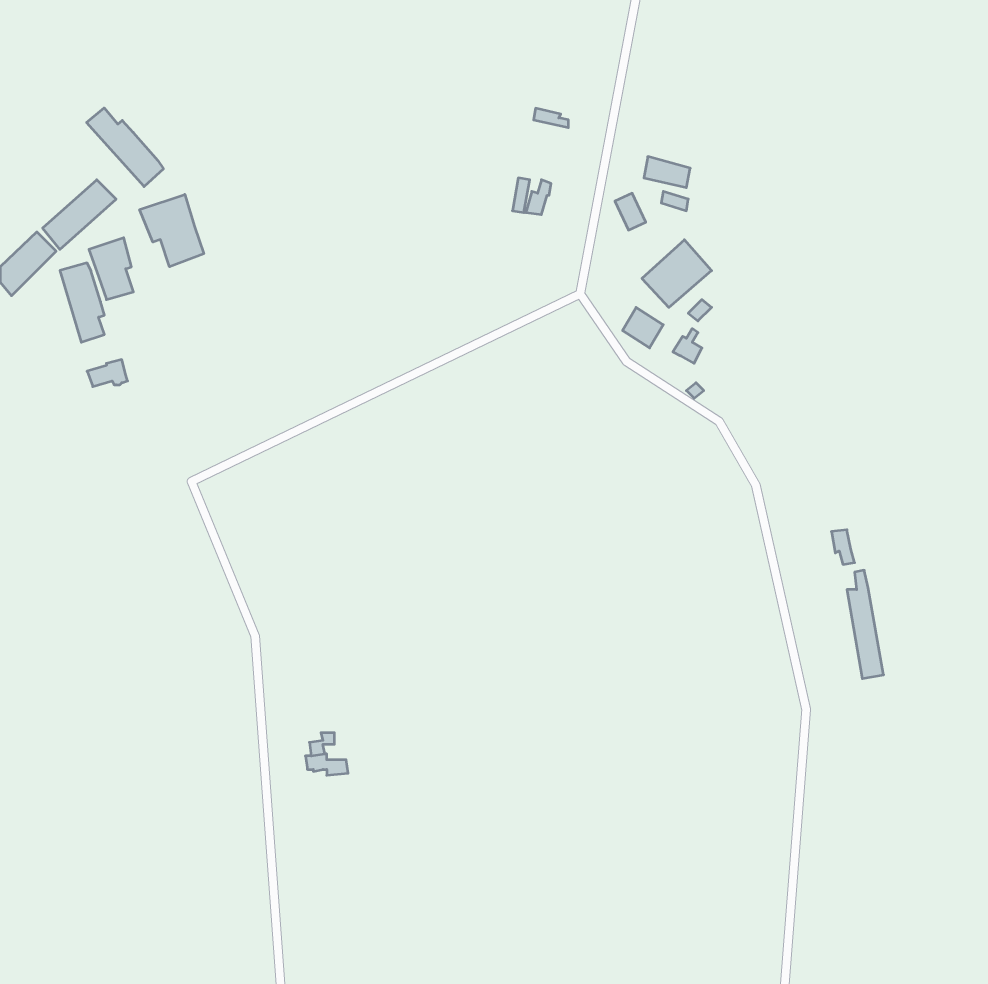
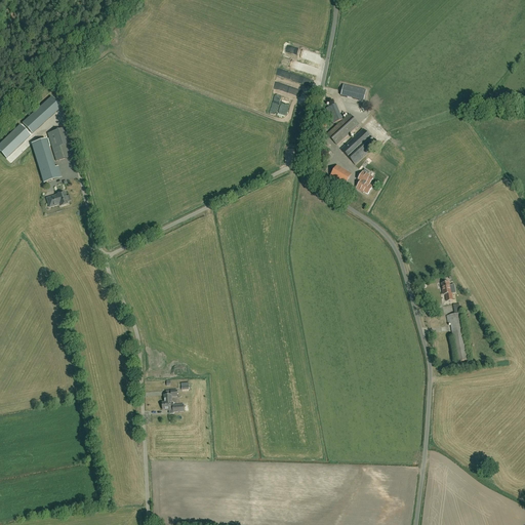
building: [87,108,163,187] -> none
building: [140,194,204,267] -> none
building: none -> [327,113,359,144]

